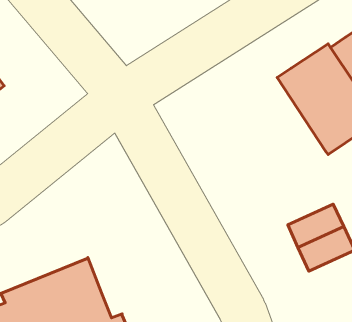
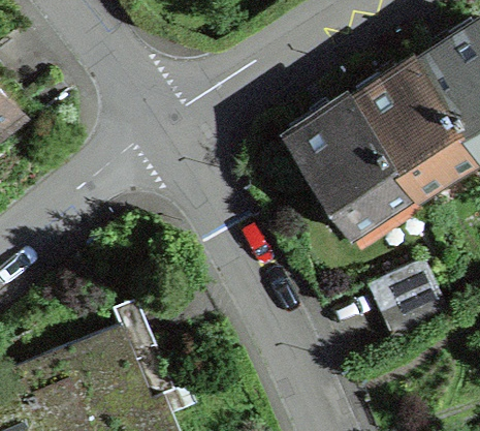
building: none -> [286,97,414,235]

